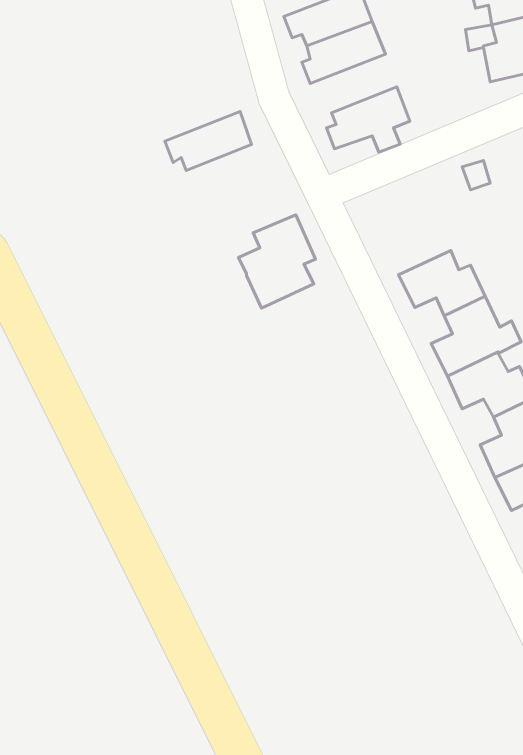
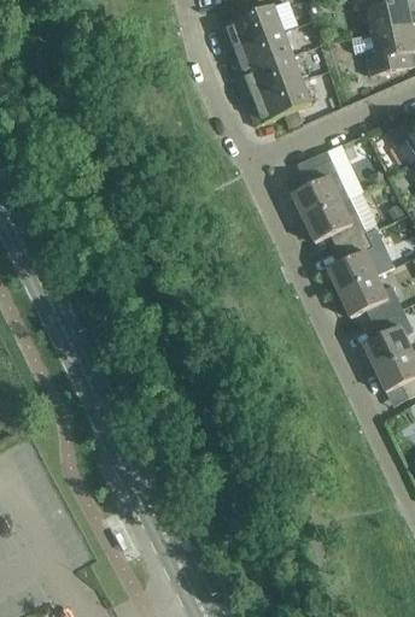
building: [165,112,252,171] -> [238,55,302,99]
building: [238,215,315,308] -> [286,149,343,218]

